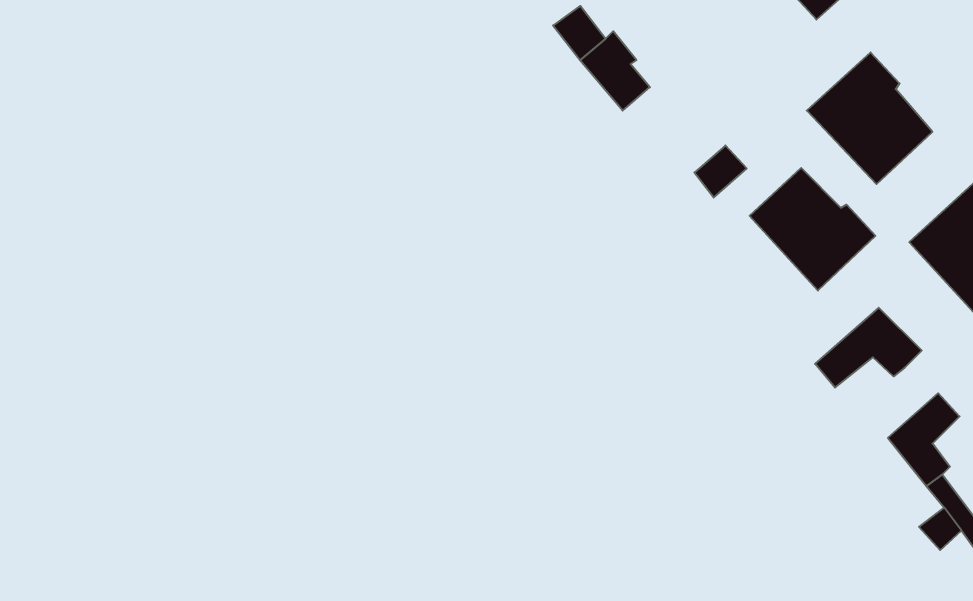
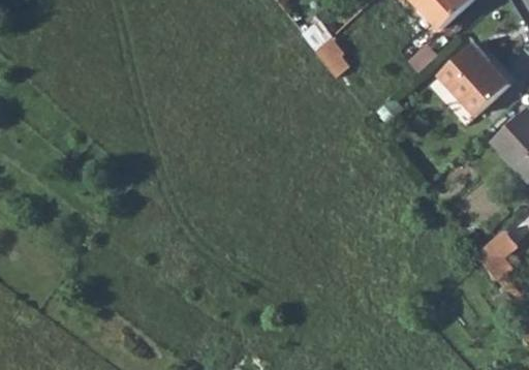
building: [750,168,875,291] -> none
building: [815,308,922,388] -> none

